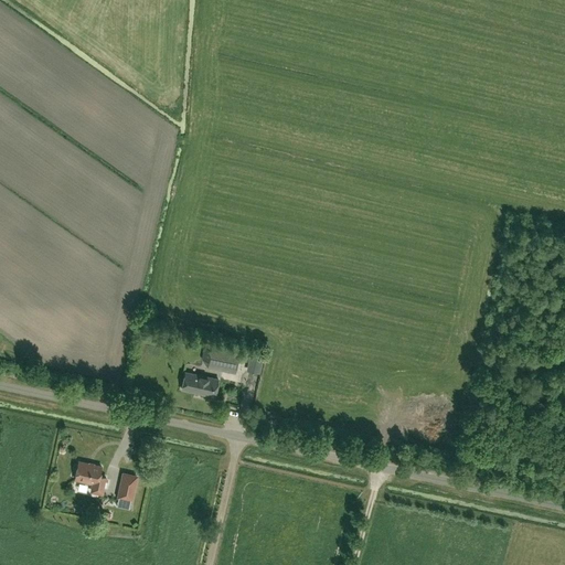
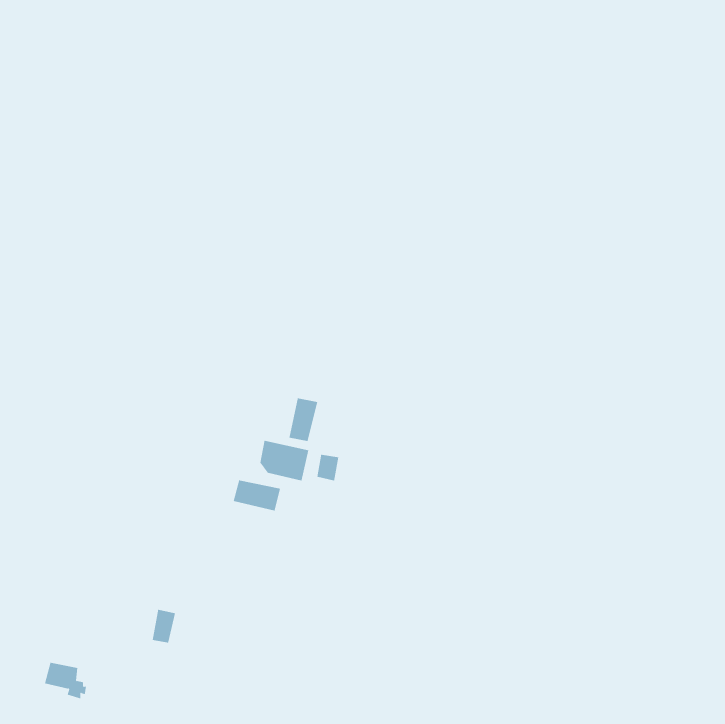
building: none -> [289,398,318,442]
building: [74,463,107,492] -> [44,662,87,699]

